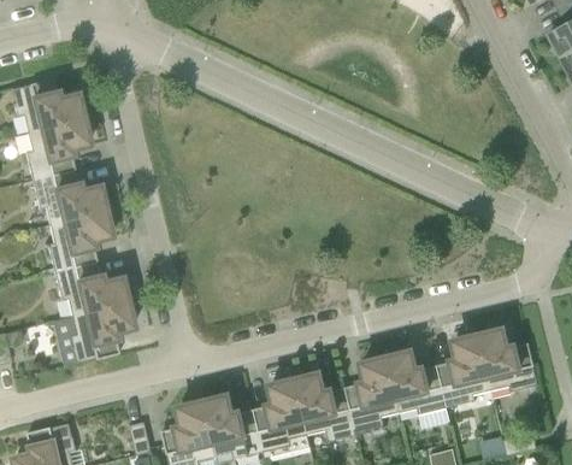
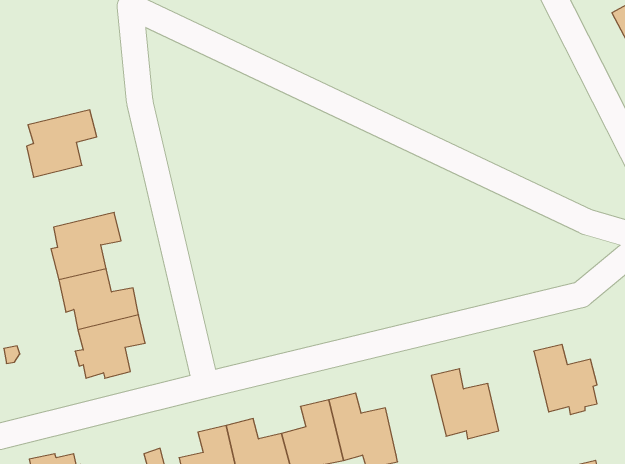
building: [13,77,82,133] -> none
building: [31,169,104,224] -> none
building: [437,335,491,406] -> none
building: [346,357,400,428] -> none

